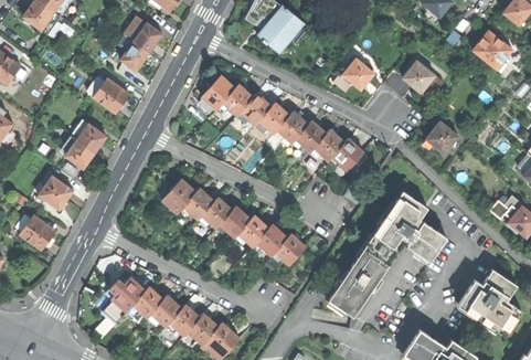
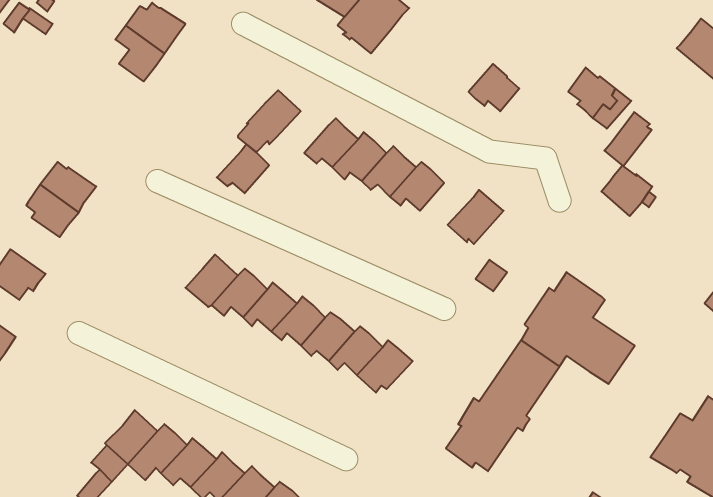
building: [88,76,129,113] -> none
building: [220,84,253,115] -> [217,144,269,193]
building: none -> [604,112,652,166]
building: [310,129,344,160] -> none

